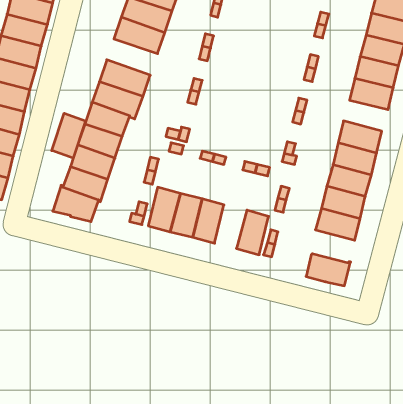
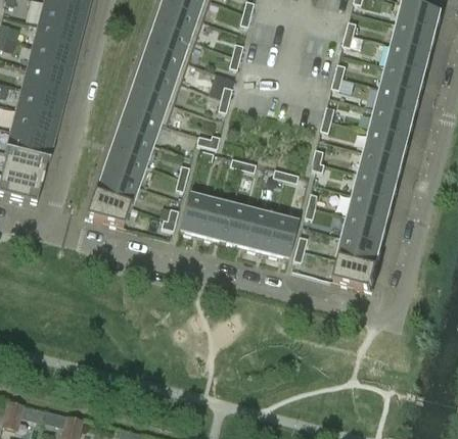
building: none -> [137,46,187,82]
building: none -> [370,106,414,137]
building: [52,113,86,158] -> none
building: none -> [243,209,275,252]
building: none -> [337,234,381,266]

